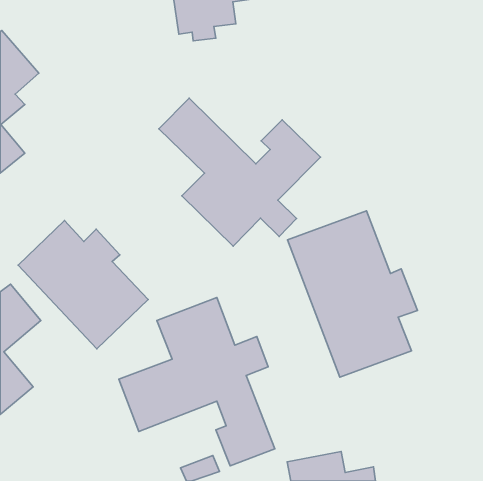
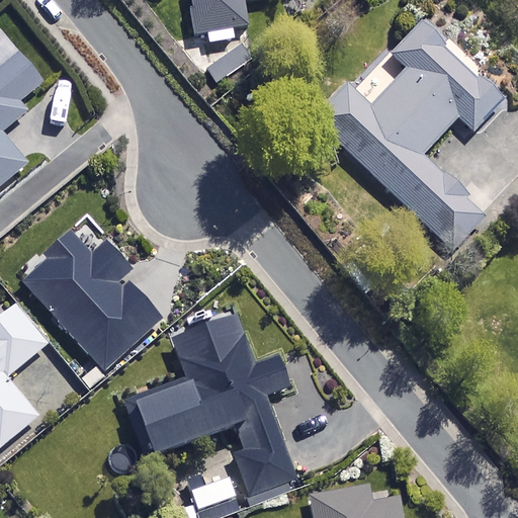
building: none -> [320,12,501,250]
building: [159,98,321,246] -> none
building: [288,211,418,377] -> none

